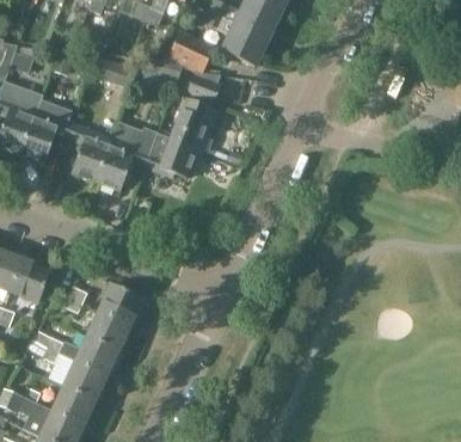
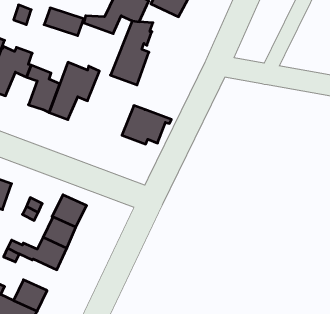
building: [142,131,202,178] -> [122,106,171,144]
building: [64,358,105,397] -> none

